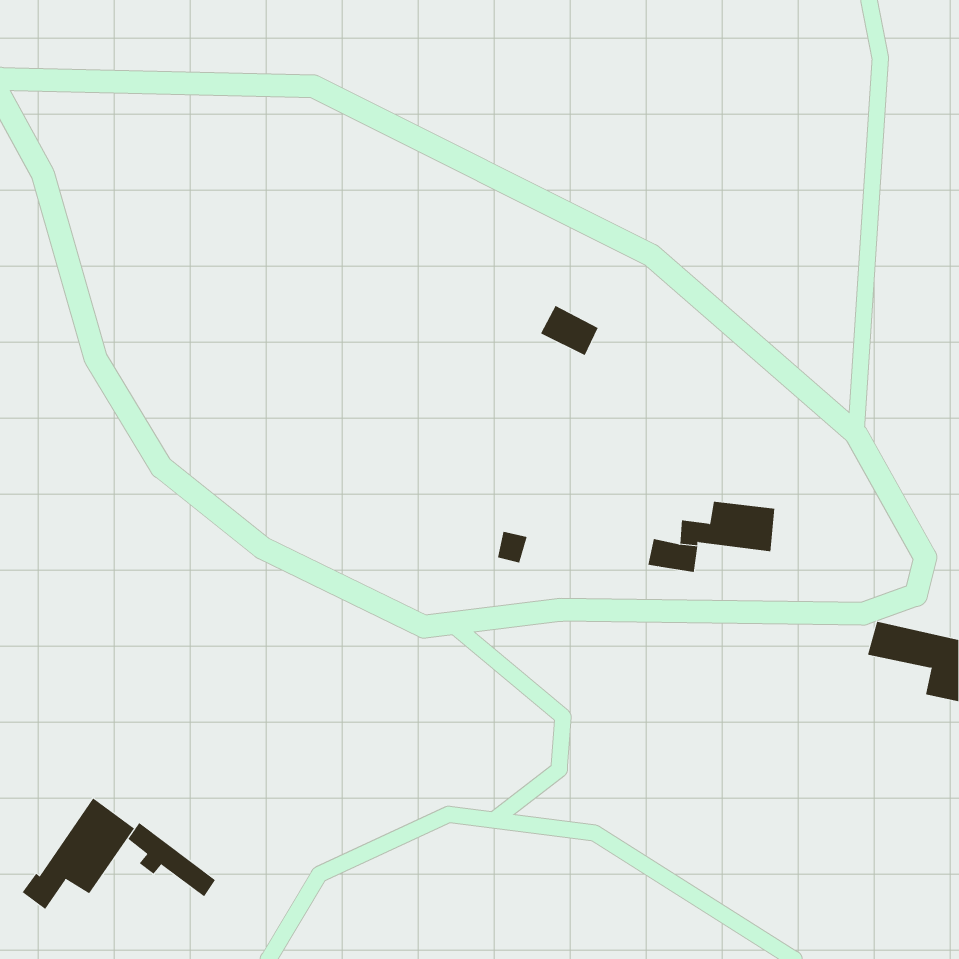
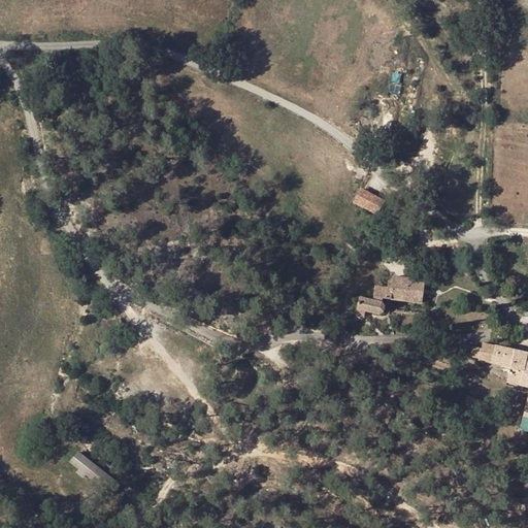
building: [540,305,598,356] -> [353,188,385,216]
building: [22,797,135,910] -> none

